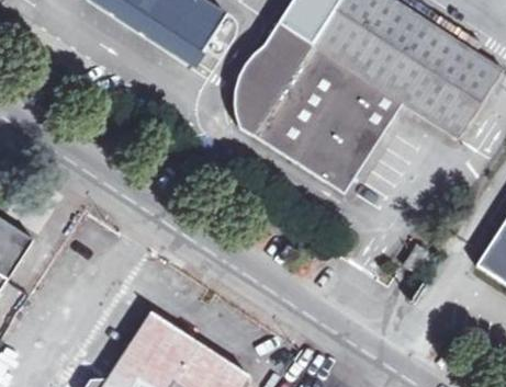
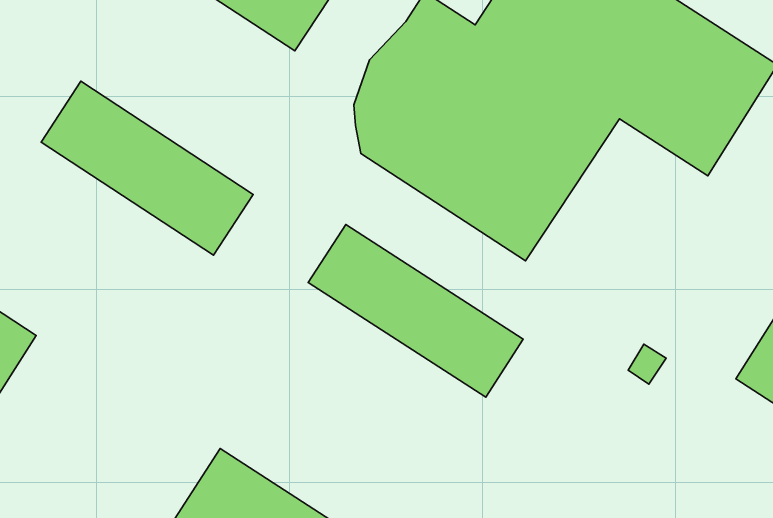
building: none -> [41,81,253,255]
building: none -> [308,224,523,397]

